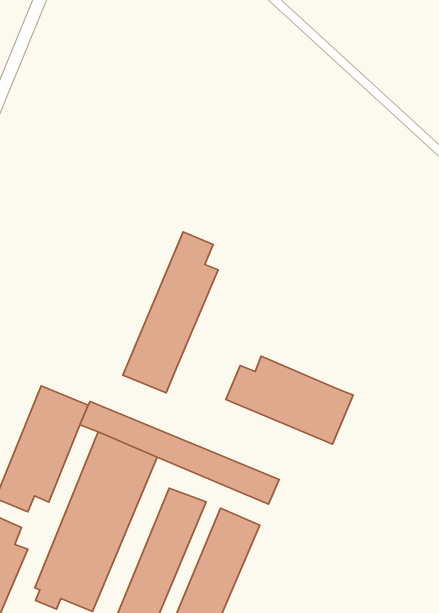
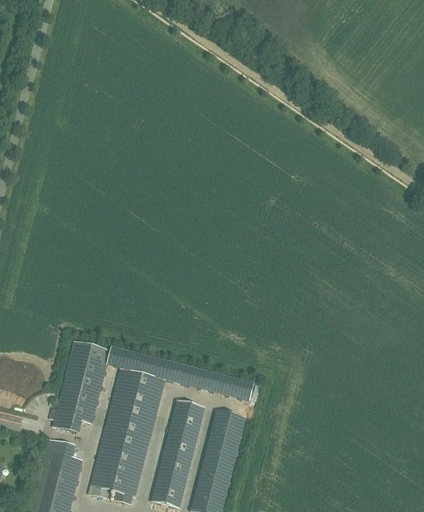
building: [123,232,218,393] -> none
building: [226,356,353,444] -> none

